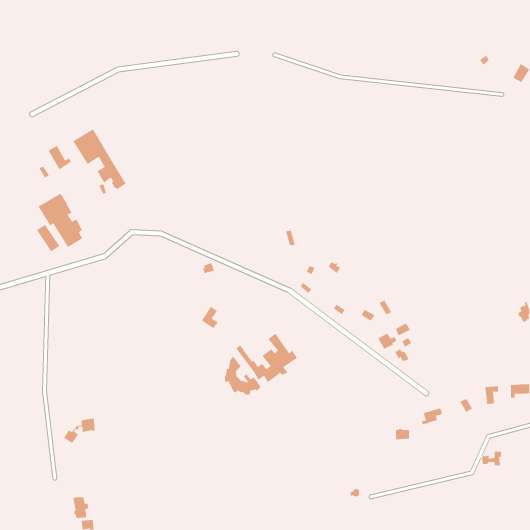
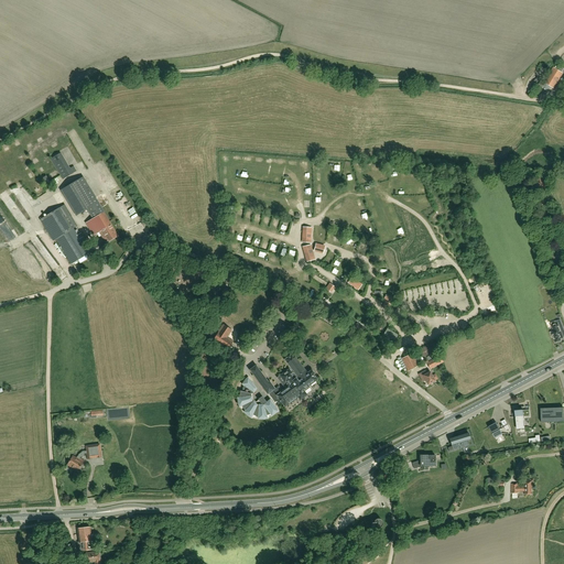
building: [73,129,127,190] -> [61,177,118,242]

